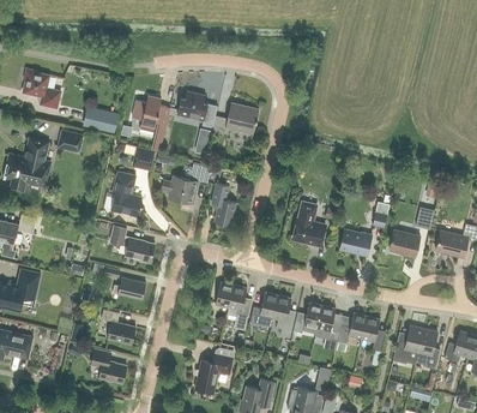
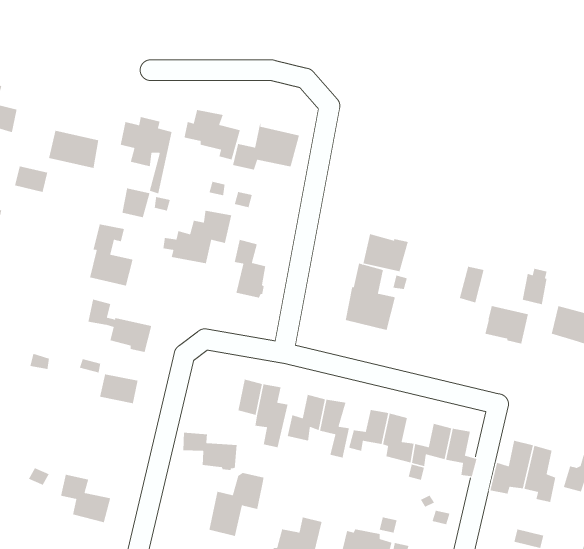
building: [339,228,372,256] -> [363,233,409,272]
building: [101,309,134,343] -> none
building: none -> [183,432,237,471]

